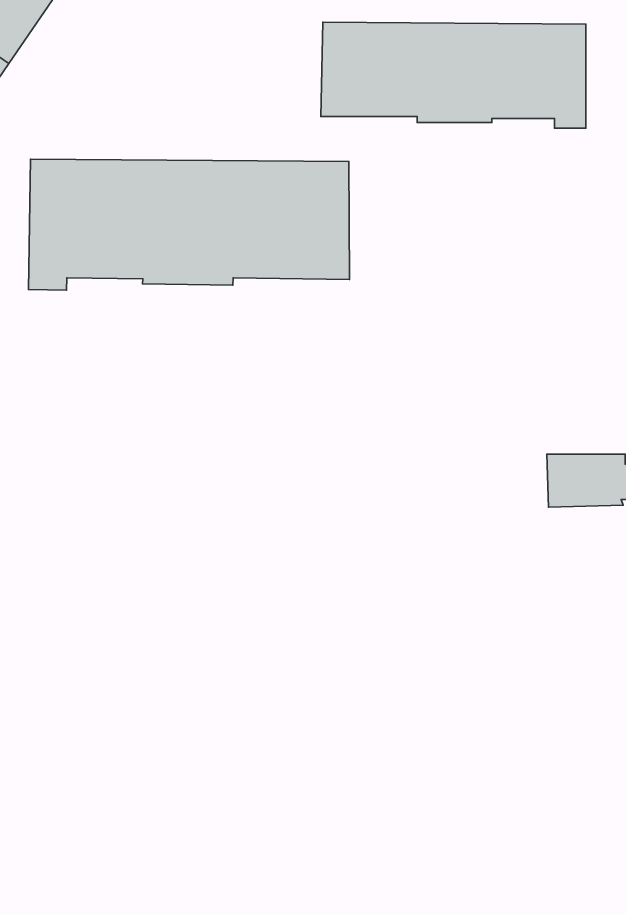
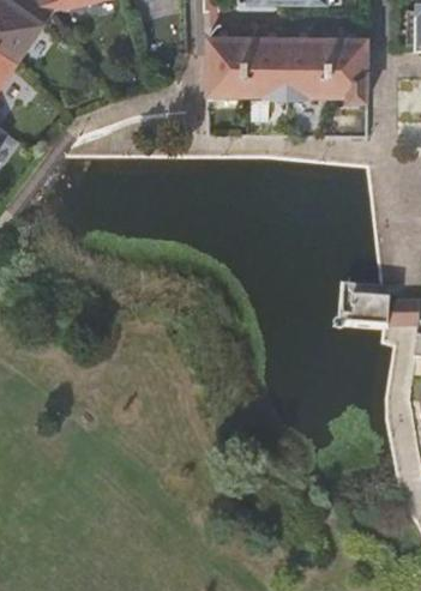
building: [29,159,349,290] -> none

